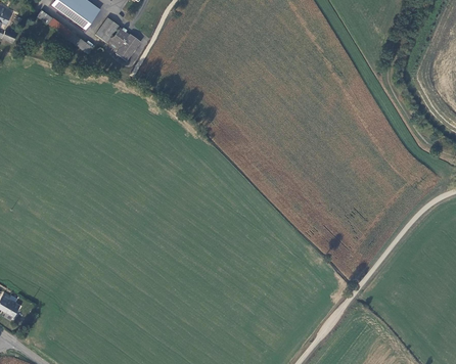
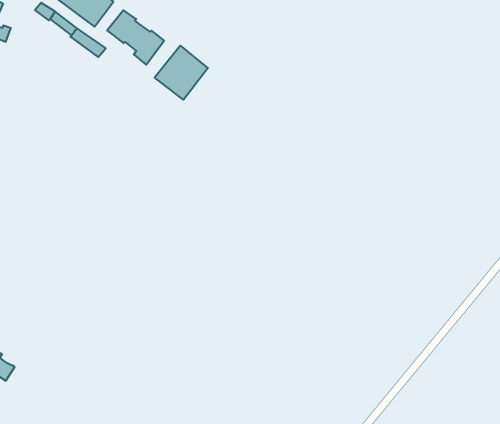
building: none -> [155,46,208,100]

